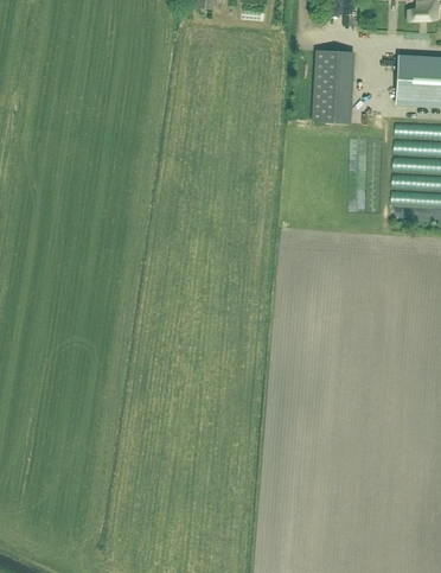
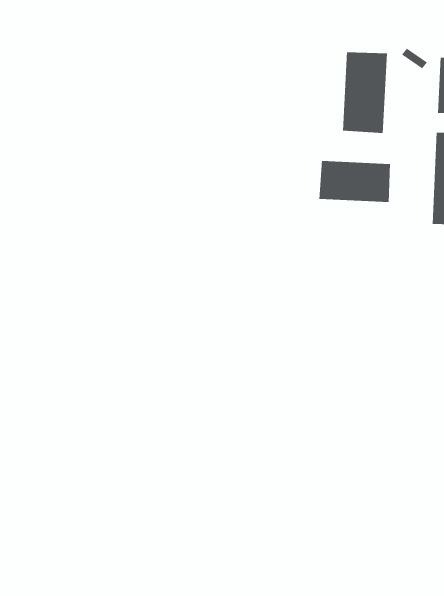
building: none -> [319,160,391,203]

